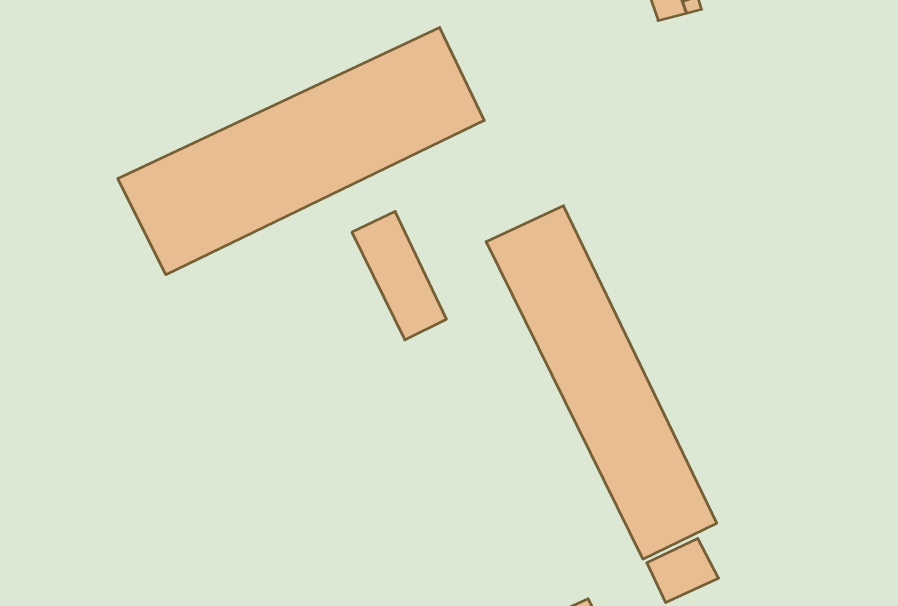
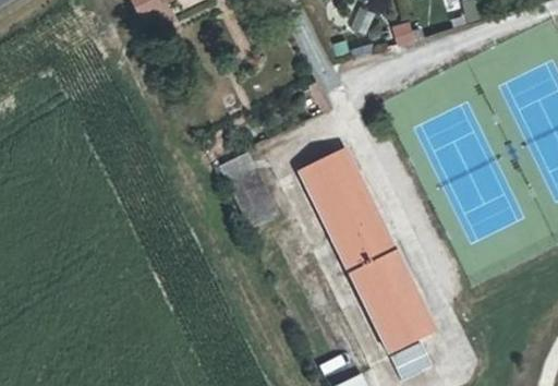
building: [118,27,484,275] -> none

